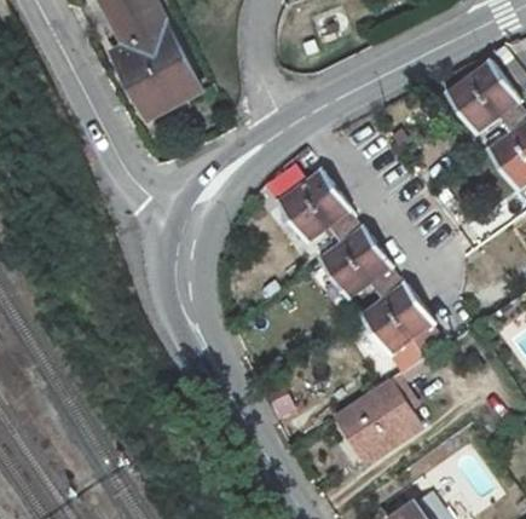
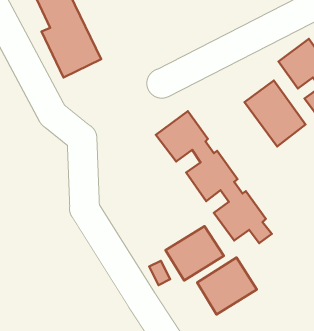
building: none -> [244,81,306,146]
building: none -> [165,226,224,280]

